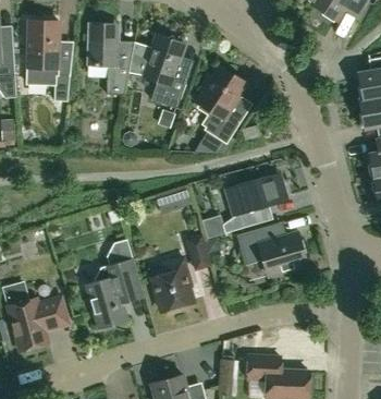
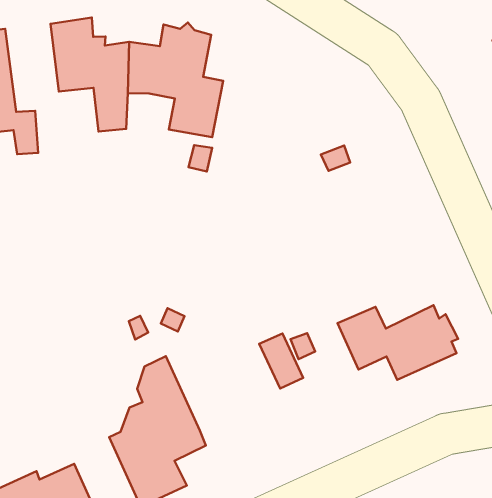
building: [196,65,247,144] -> none
building: [222,176,287,233] -> none
building: [152,258,193,311] -> none

